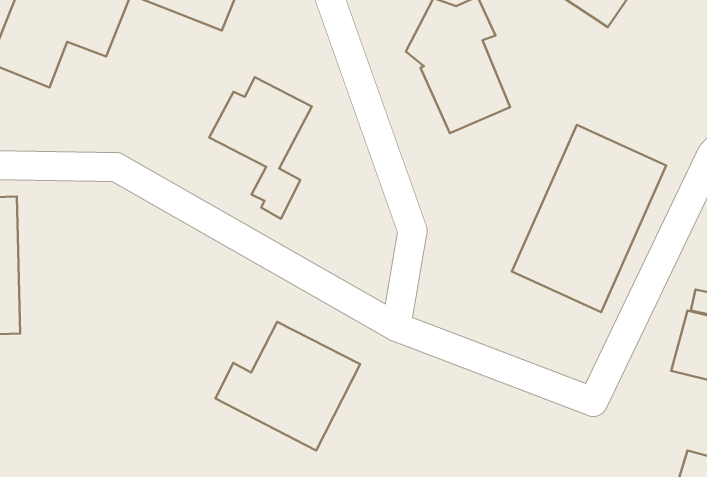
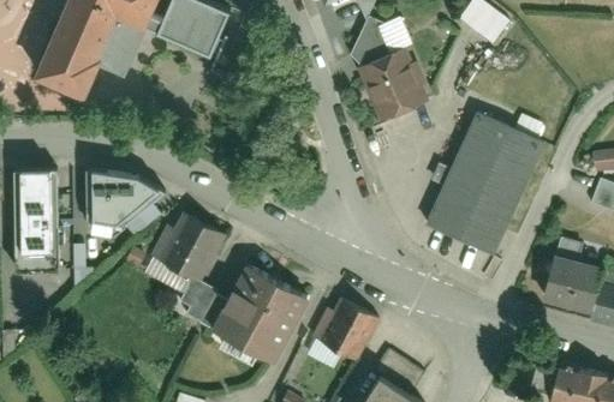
building: [209,77,312,219] -> [153,215,228,319]
building: none -> [78,172,167,248]
building: none -> [321,304,378,364]

